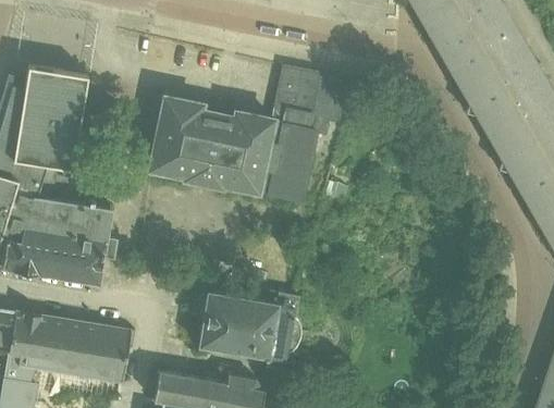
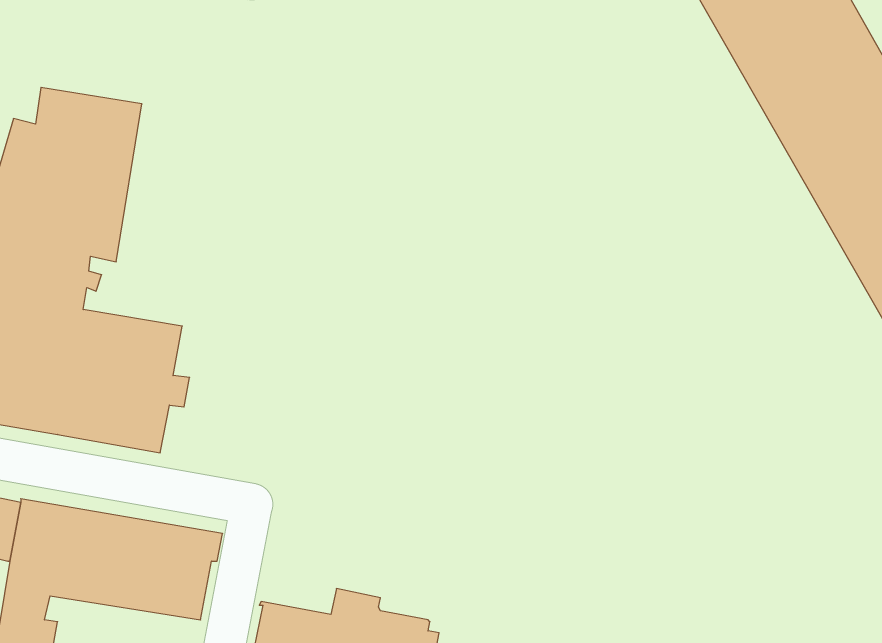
building: [140,69,348,203] -> none
building: [200,293,303,372] -> none

